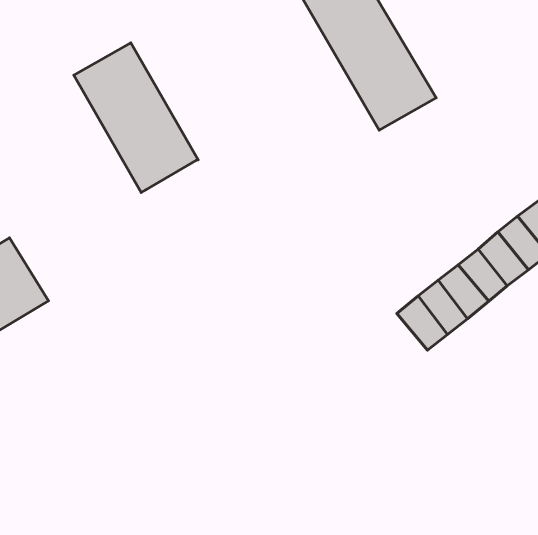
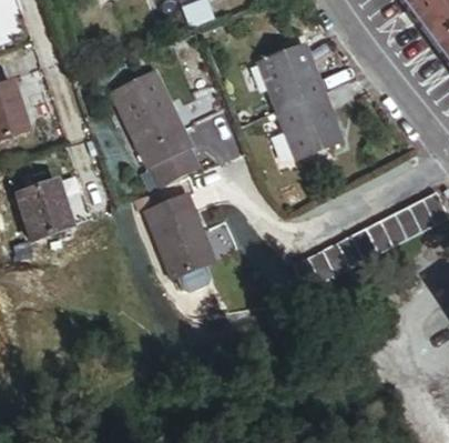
building: none -> [149,148,195,191]
building: none -> [149,198,213,279]

